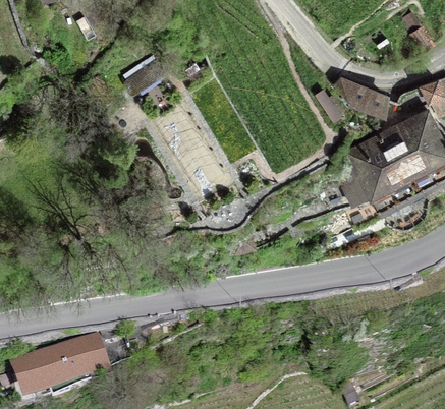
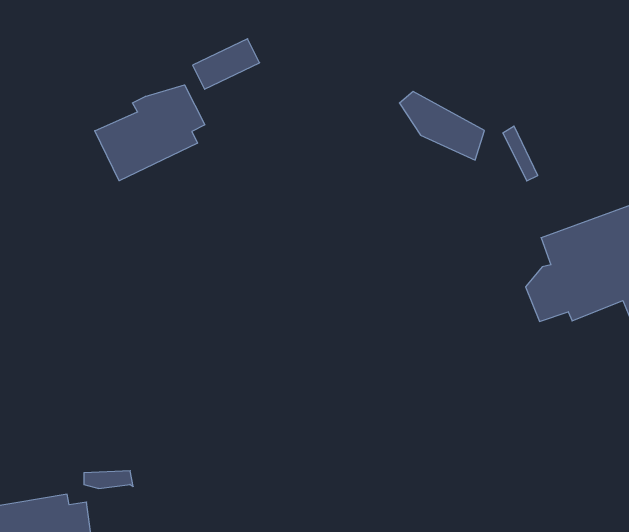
building: [334,77,387,113] -> [399,91,484,160]
building: none -> [95,85,205,181]

